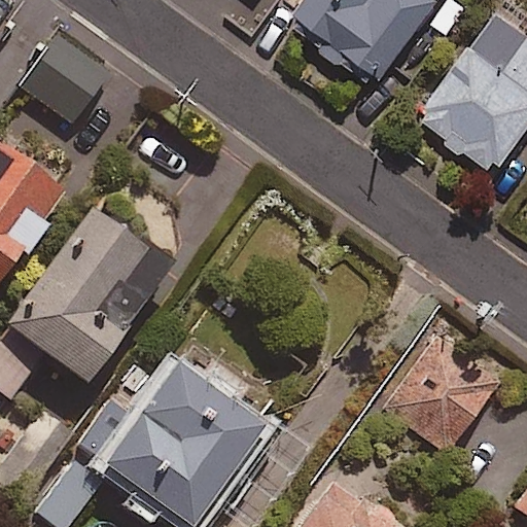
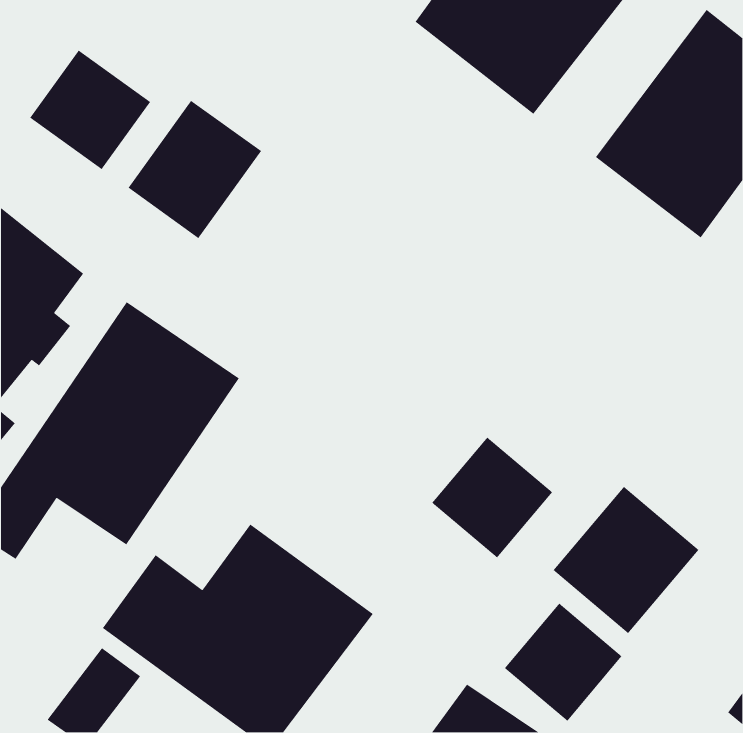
building: none -> [127,100,262,239]
building: none -> [431,436,553,558]
building: none -> [504,603,622,722]

